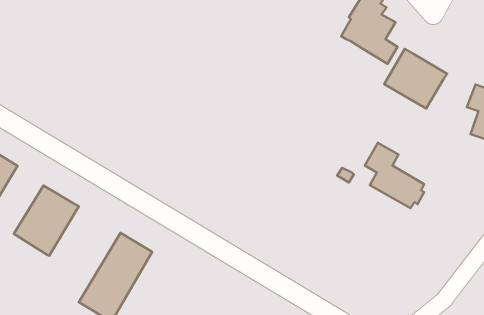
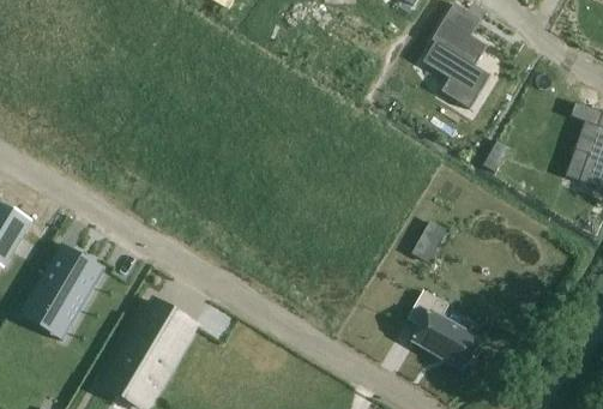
building: [384,49,447,108] -> none
building: [365,143,424,208] -> [408,290,480,369]

